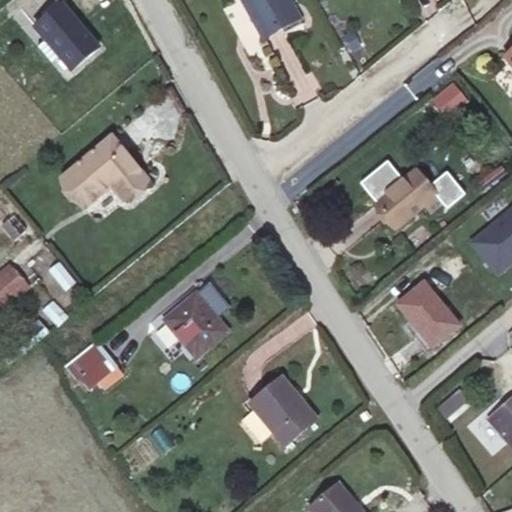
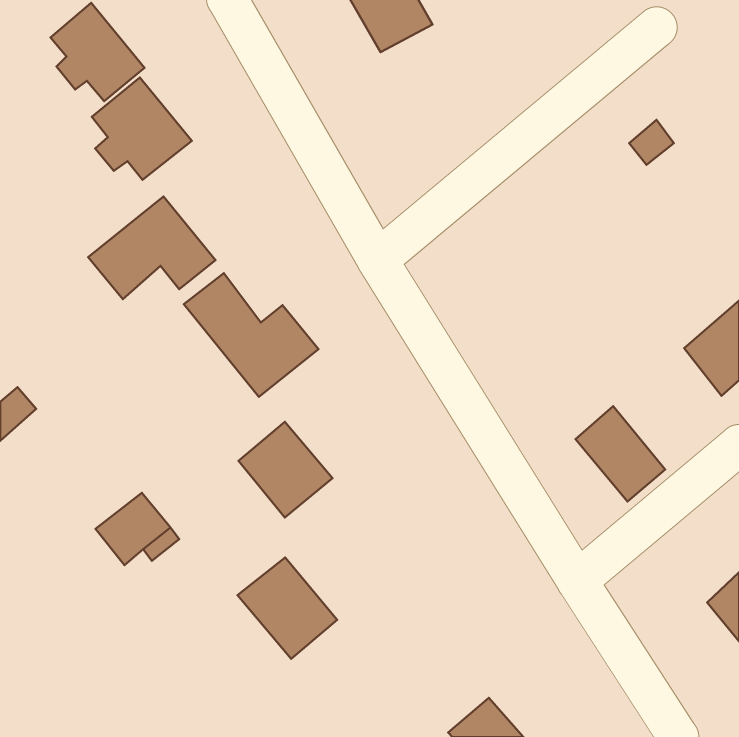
building: none -> [92,77,192,180]
building: [361,161,464,228] -> none
building: none -> [184,273,319,397]
building: [249,376,318,446] -> [238,558,337,659]

